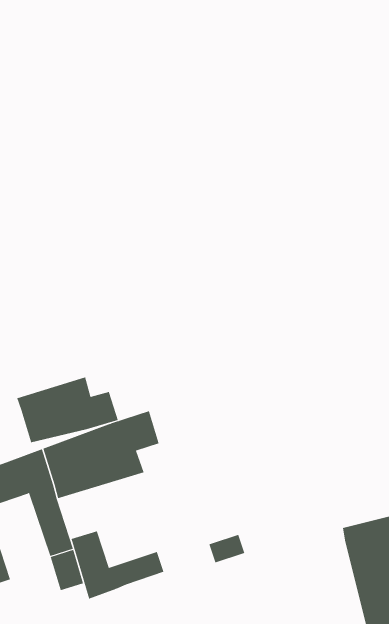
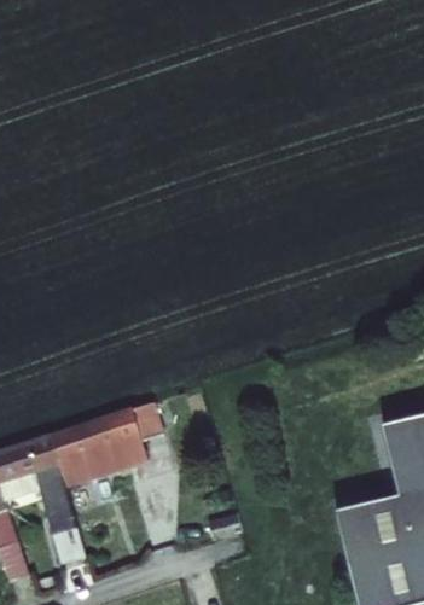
building: [17,376,118,443] -> none
building: [71,531,164,599] -> none

